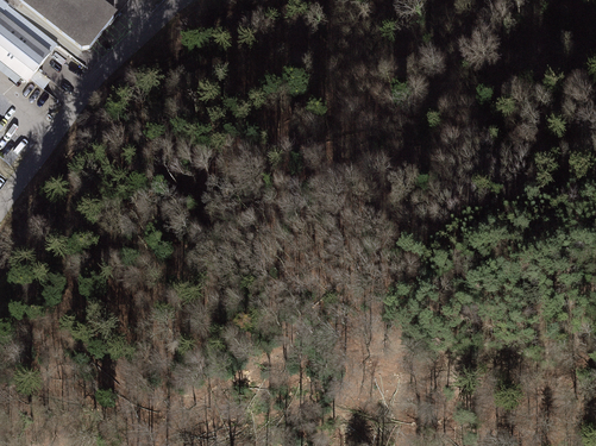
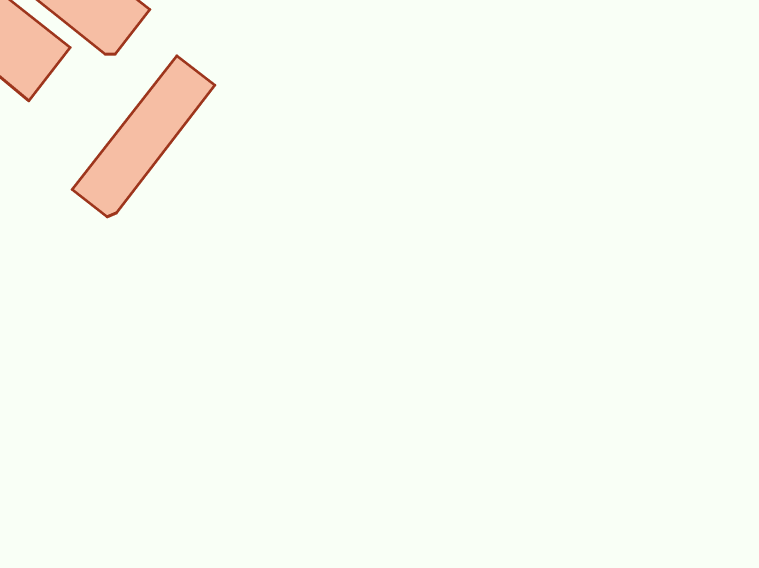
building: none -> [72,56,215,217]

